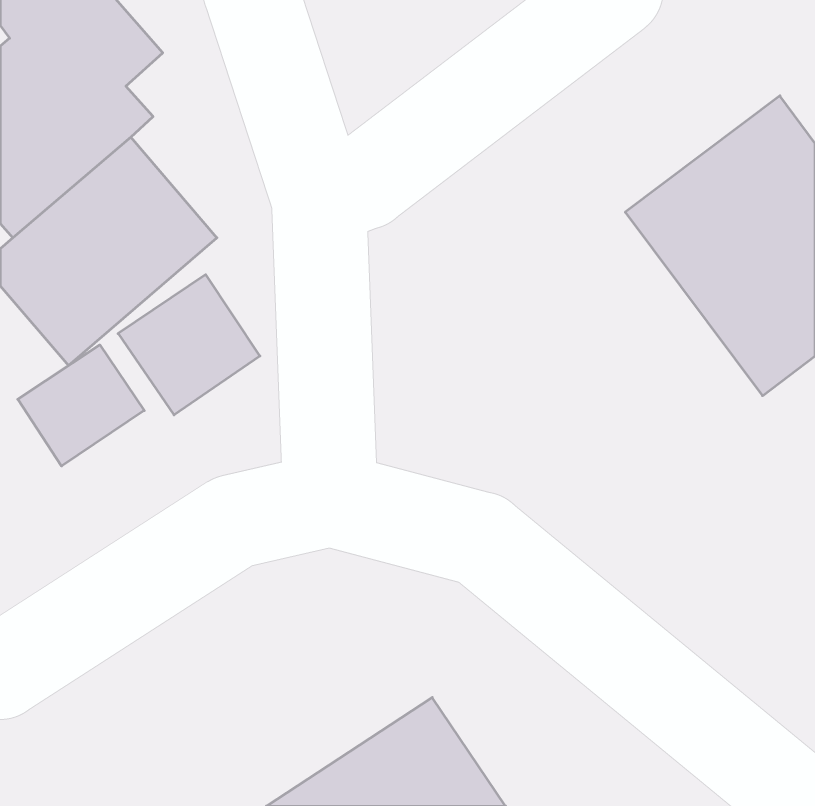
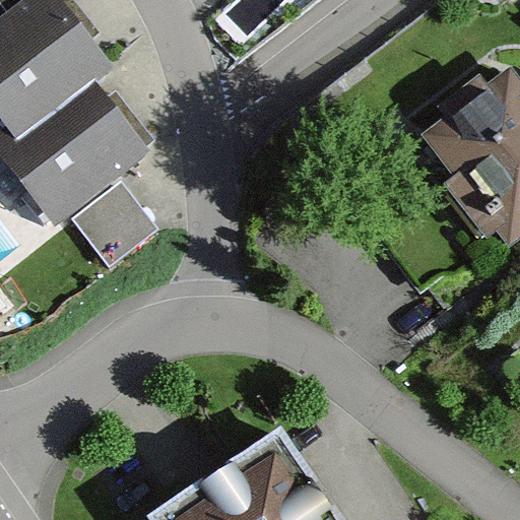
building: [18,345,144,466] -> none

